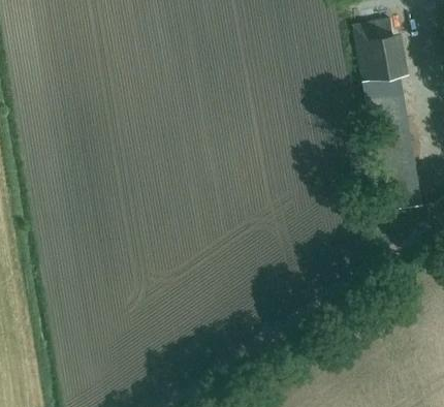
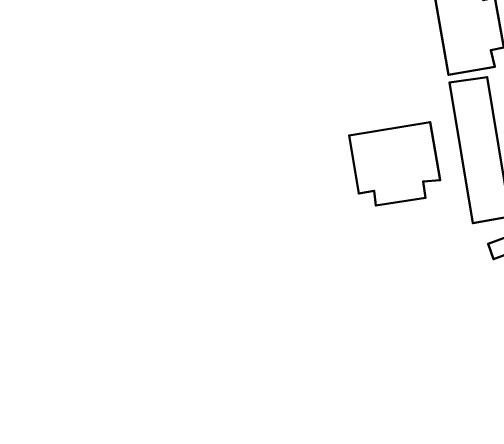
building: none -> [349,122,440,206]

